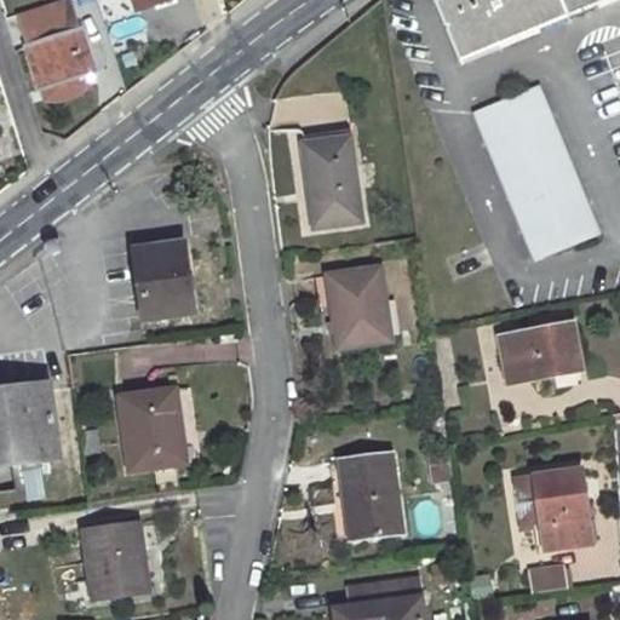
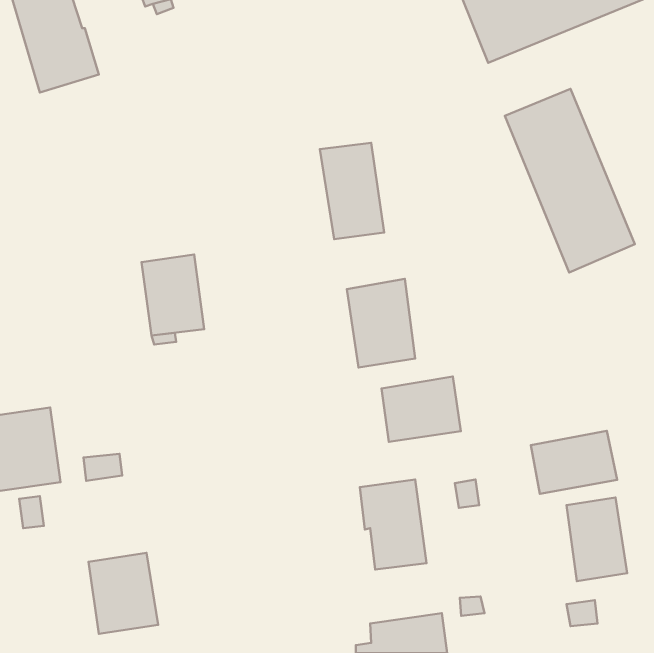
building: [500,322,581,381] -> [531,431,617,494]
building: none -> [381,377,461,442]
building: [120,386,183,469] -> none

